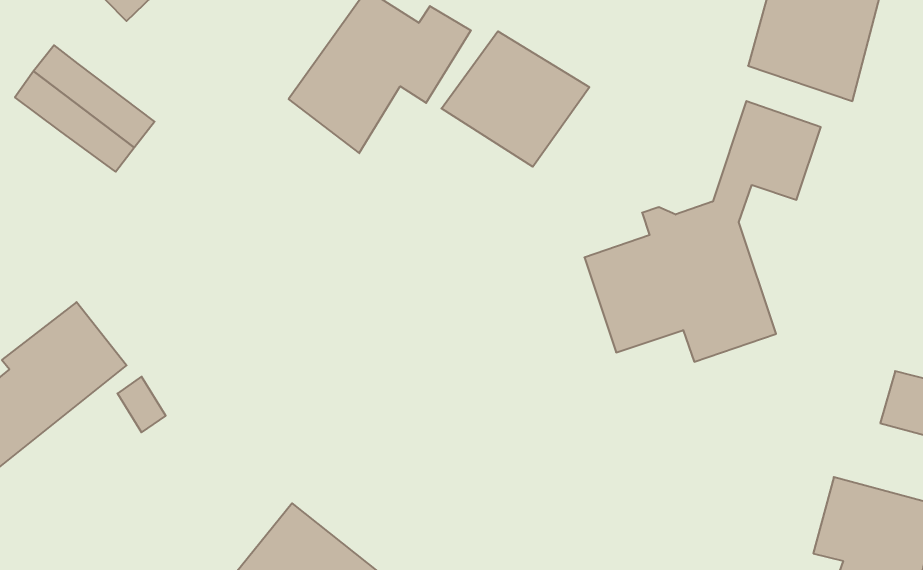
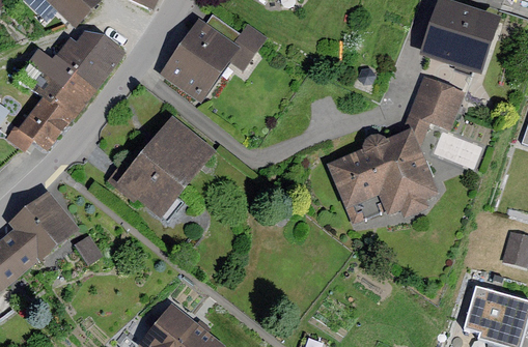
building: none -> [51,30,121,88]
building: [441,31,589,167] -> none
building: none -> [13,93,72,152]
building: none -> [120,119,221,221]

